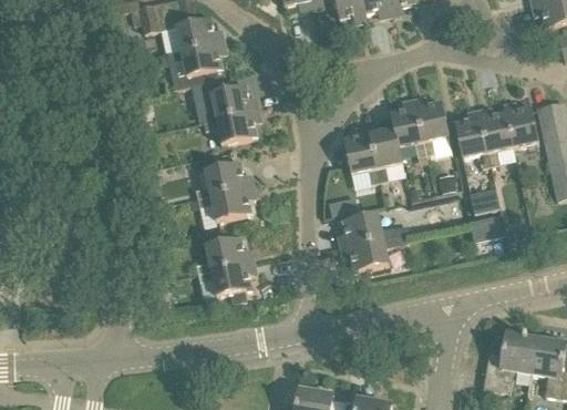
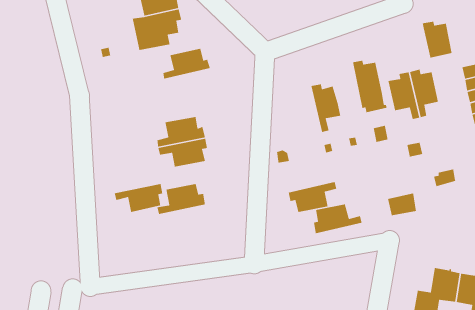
building: [390,101,425,155] -> none
building: [503,104,537,146] -> [422,21,452,58]
building: [203,109,258,144] -> none
building: [343,127,380,183] -> none
building: [340,213,395,247] -> [313,203,362,234]
building: [468,214,502,240] -> [387,193,417,216]
building: [197,262,252,295] -> [114,183,163,213]

